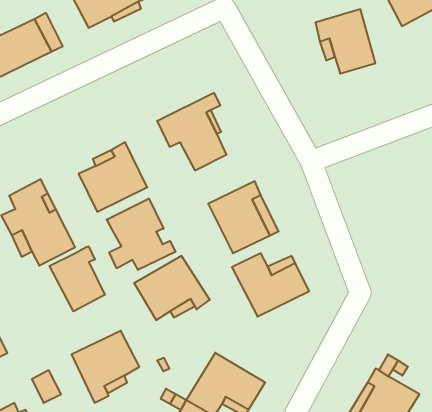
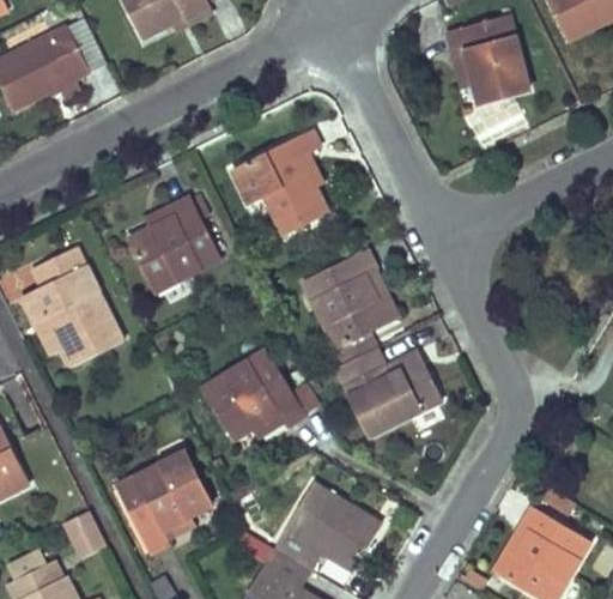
building: [107,199,175,270] -> none
building: [49,246,105,311] -> none

